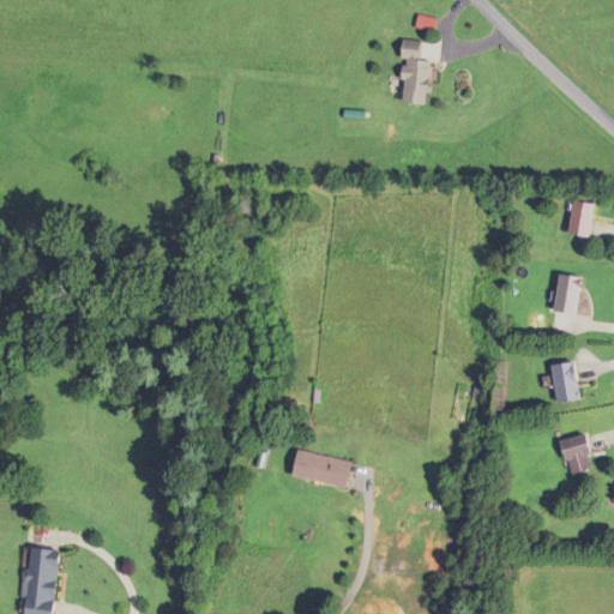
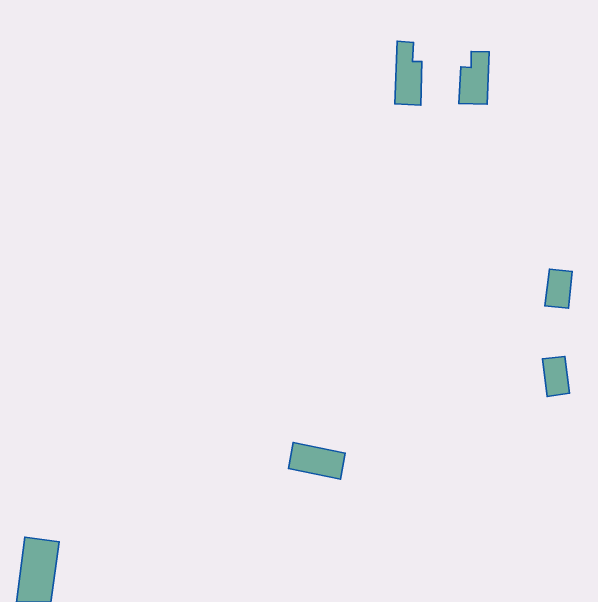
building: none -> [459,51,489,104]
building: [568,201,591,235] -> none
building: [562,438,588,471] -> none

